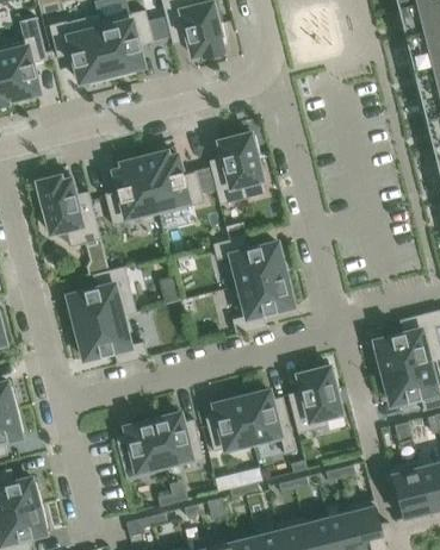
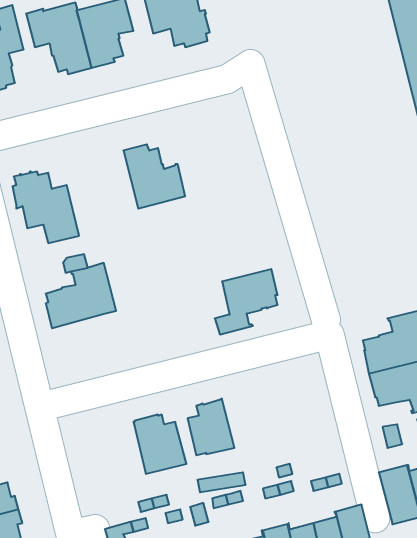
building: [209,131,265,205] -> none
building: [105,157,157,225] -> none
building: [212,236,286,283] -> none
building: [74,315,148,364] -> none
building: [287,364,341,433] -> none
building: [238,389,296,454] -> none
building: [116,419,165,479] -> none

